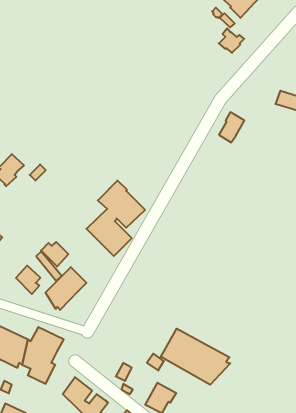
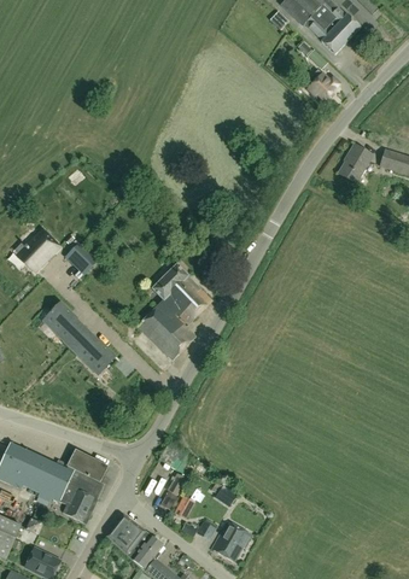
building: [219,112,244,142] -> [338,144,370,182]
building: [16,266,40,294] -> [43,303,75,339]
building: [46,267,86,310] -> none
building: [161,329,230,385] -> none

